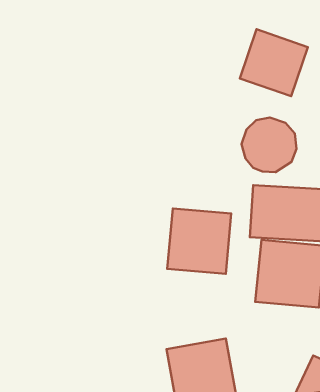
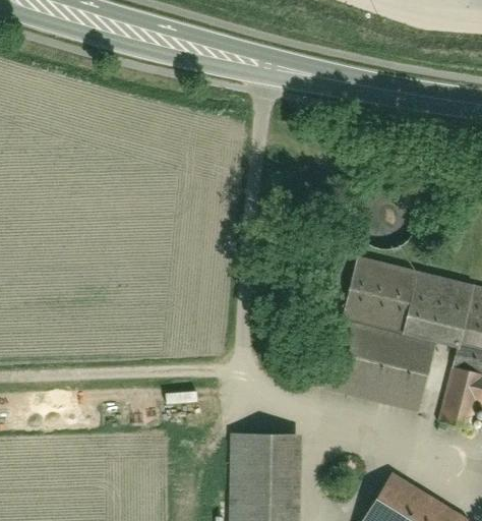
building: [240,29,308,96] -> none
building: [167,209,231,274] -> none

